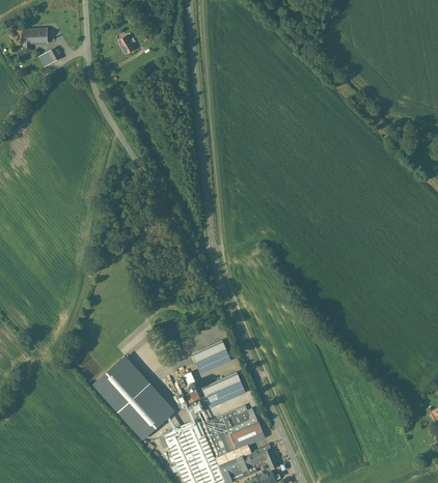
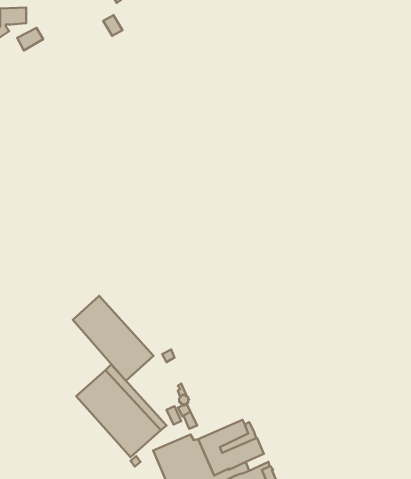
building: none -> [73,296,154,381]
building: [193,341,230,373] -> none
building: [201,373,245,407] -> none

